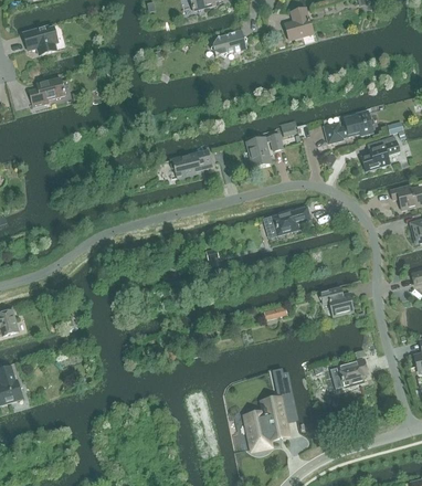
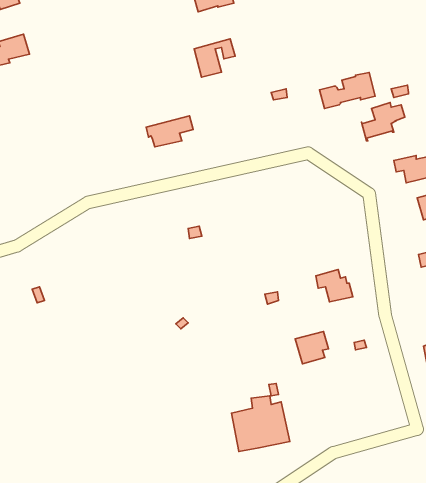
building: [246,133,283,167] -> [194,39,235,77]
building: [273,207,310,234] -> none
building: [338,358,368,387] -> [295,331,329,364]

